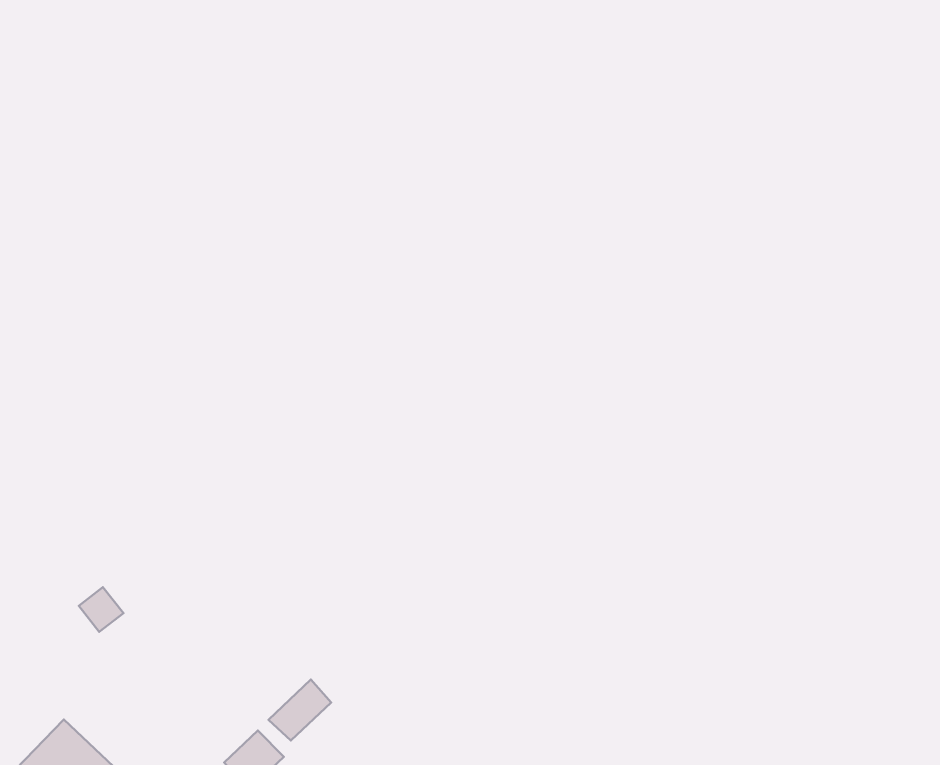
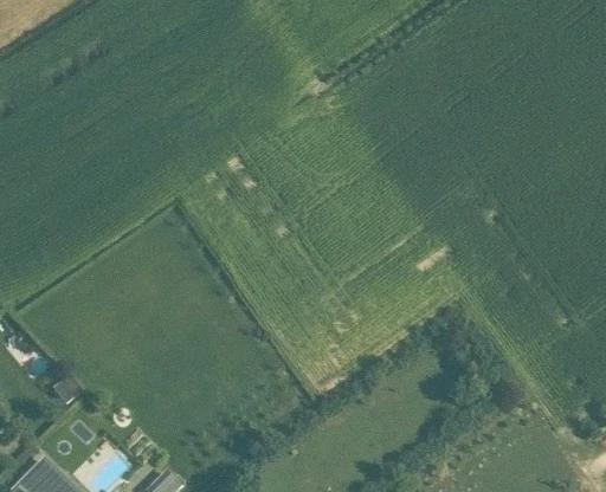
building: [269,679,331,741] -> none

